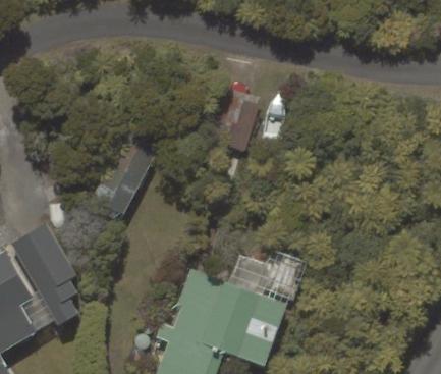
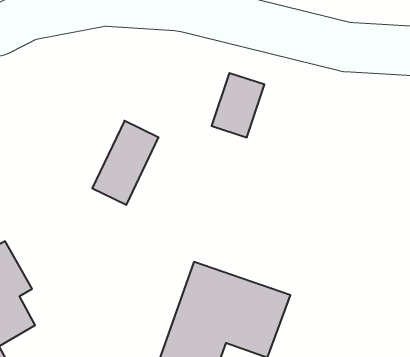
building: [9,221,77,325] -> none

